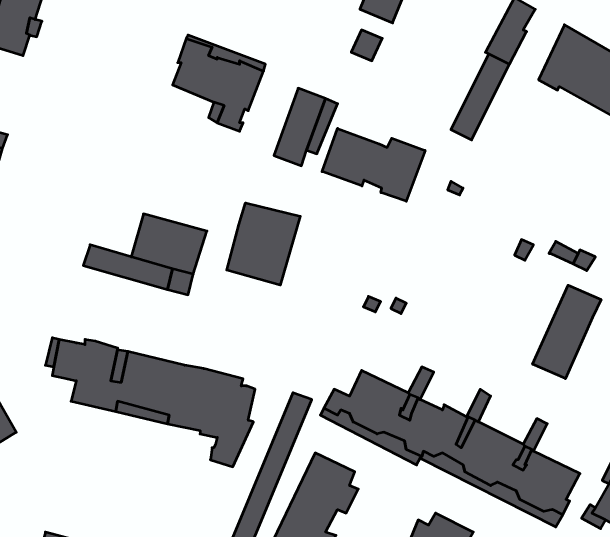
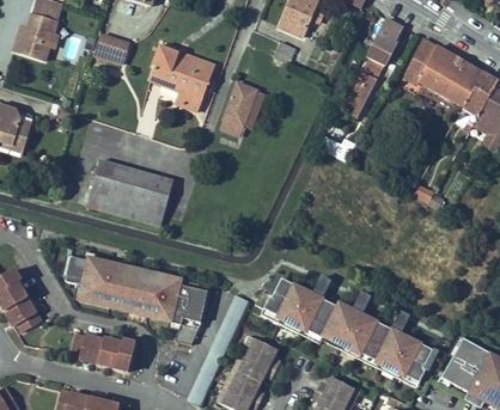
building: none -> [94,33,129,63]
building: [322,128,425,201] -> none
building: none -> [92,160,129,198]
building: [227,203,300,285] -> none
building: [533,285,601,379] -> none
building: none -> [71,335,135,371]

